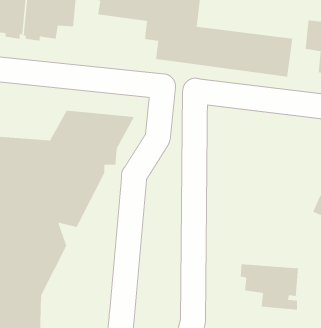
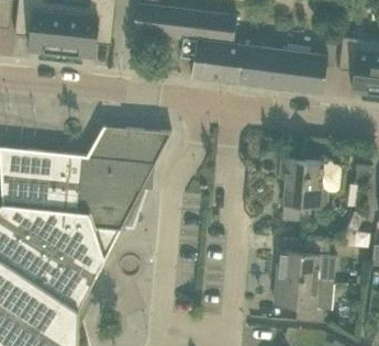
building: none -> [277,158,338,220]
building: none -> [274,237,333,281]

